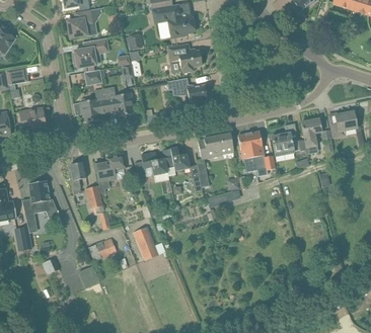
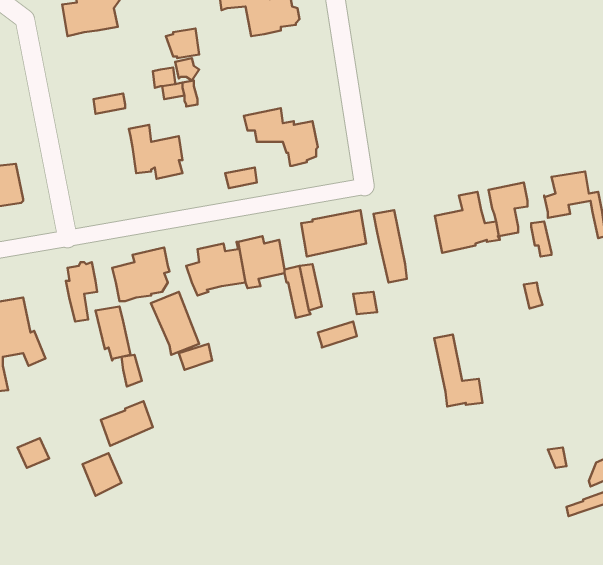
building: [72,37,108,67] -> none
building: [166,45,202,73] -> none
building: [73,92,107,121] -> none
building: [248,131,275,170] -> [434,334,483,407]
building: [133,226,159,260] -> [151,292,199,355]

